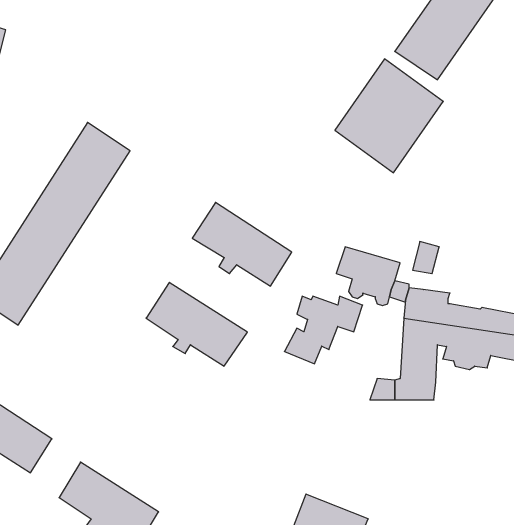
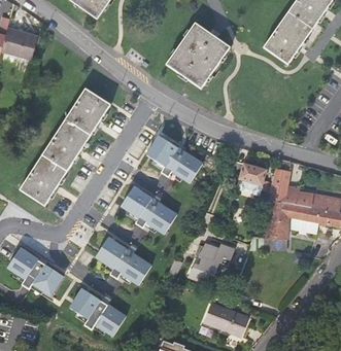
building: [335,59,443,173] -> [166,23,229,89]
building: [284,296,363,364] -> [187,245,233,284]
building: none -> [93,232,151,281]

